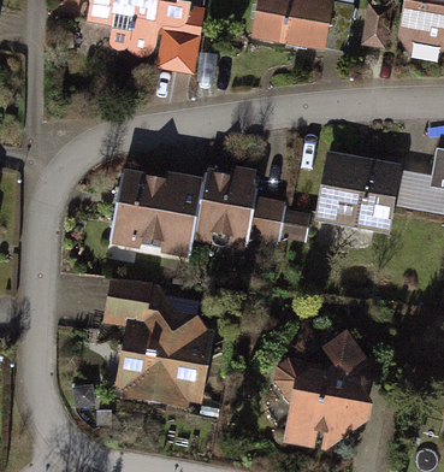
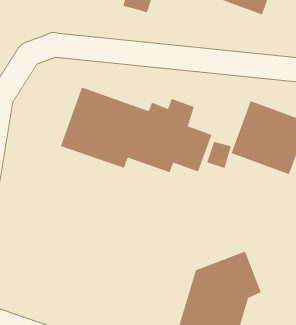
building: [101,281,213,407] -> none

